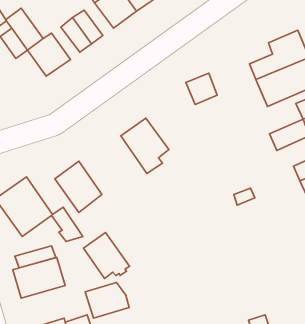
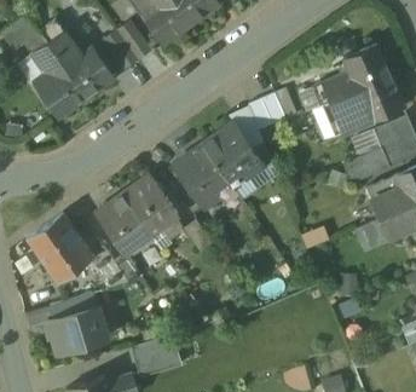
building: none -> [36,68,85,117]
building: none -> [200,123,261,183]
building: [83,233,130,279] -> [122,178,175,231]

